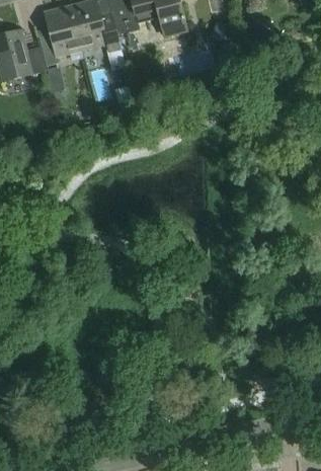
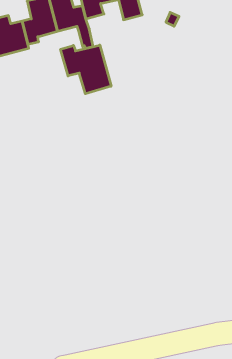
building: none -> [61,45,111,94]

